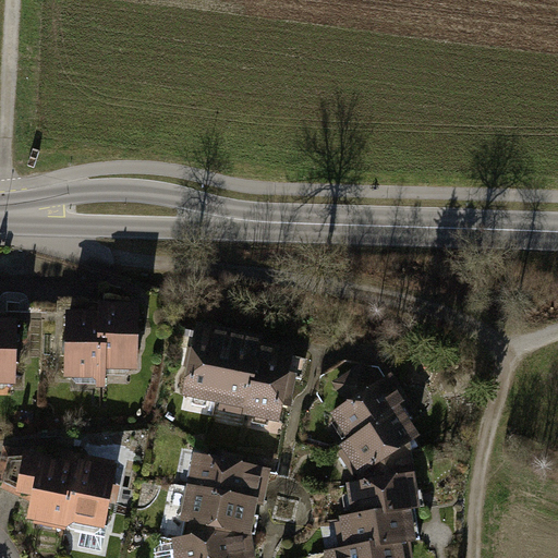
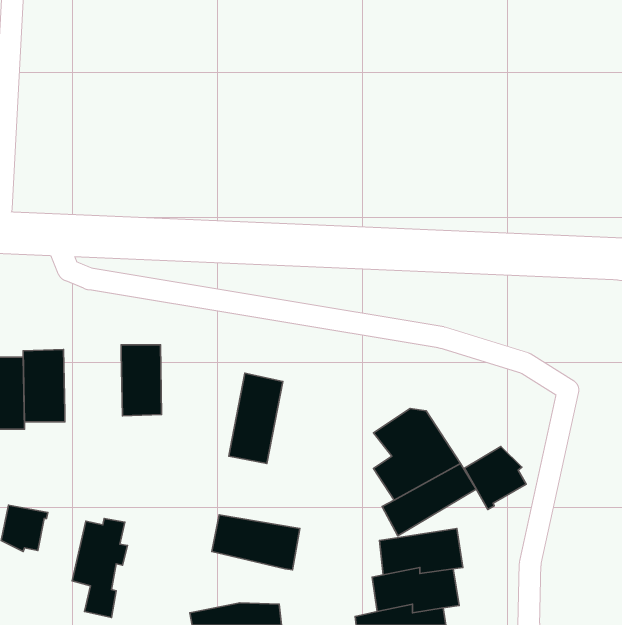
building: [72,315,109,379] -> [23,350,65,422]
building: [171,326,218,400] -> none
building: [238,340,287,422] -> none
building: none -> [464,447,526,510]
building: [28,454,77,524] -> none
building: [181,492,254,538] -> none

